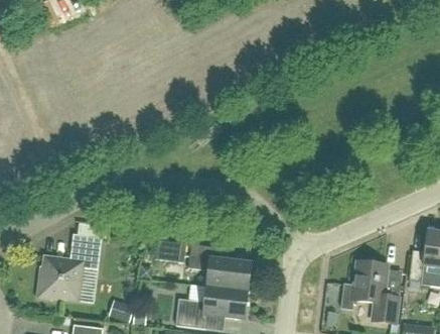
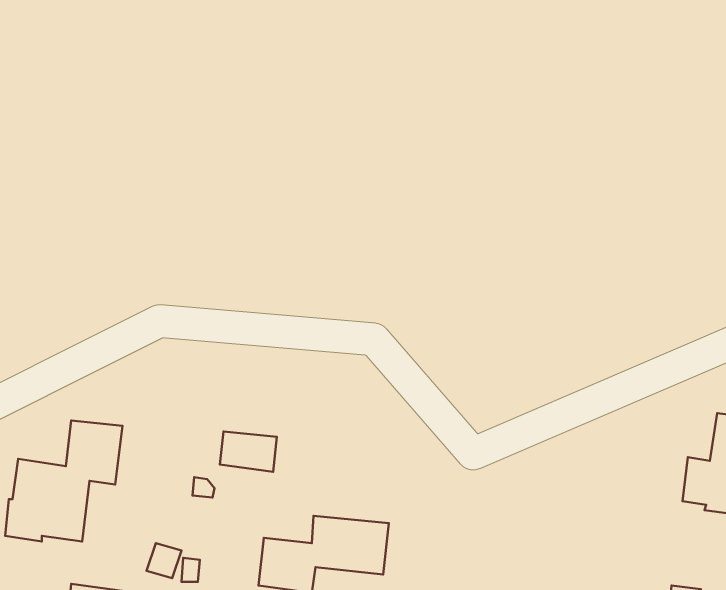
building: [188,255,252,291] -> none
building: [341,261,399,323] -> none

